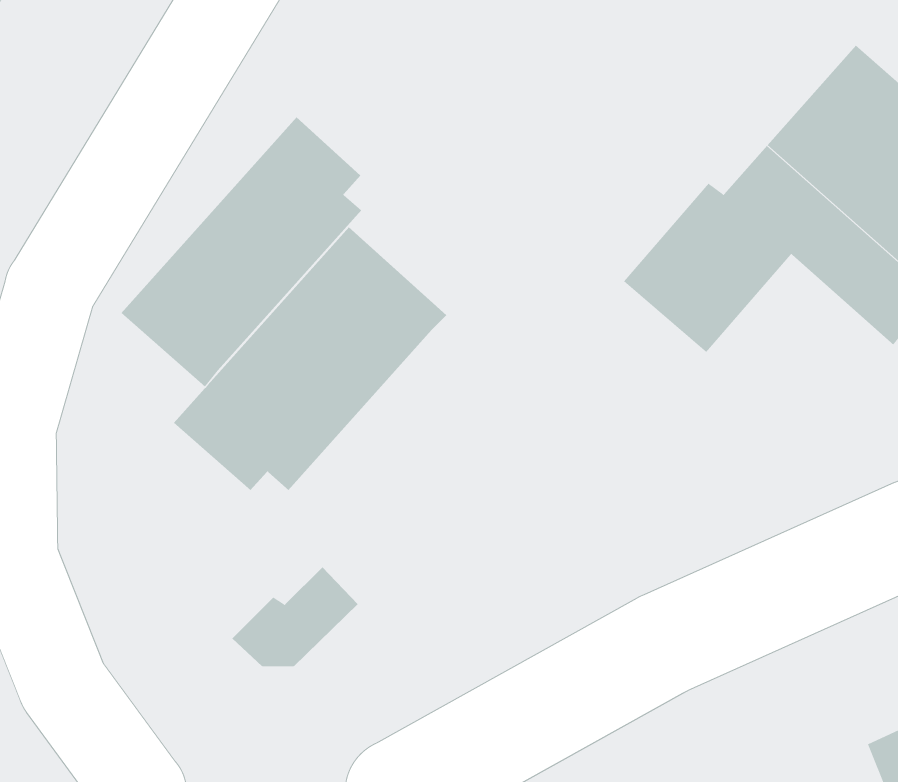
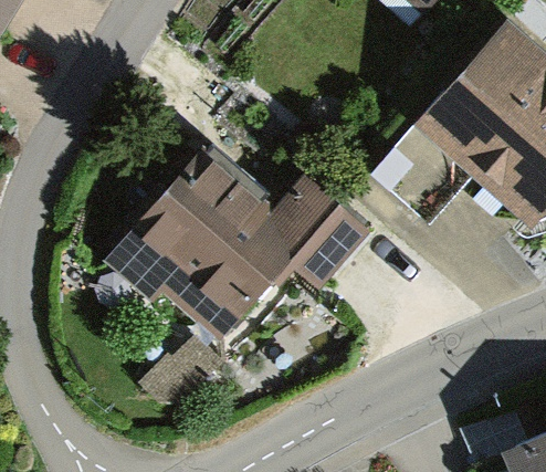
building: [121,117,362,387] -> none
building: none -> [178,179,366,333]

